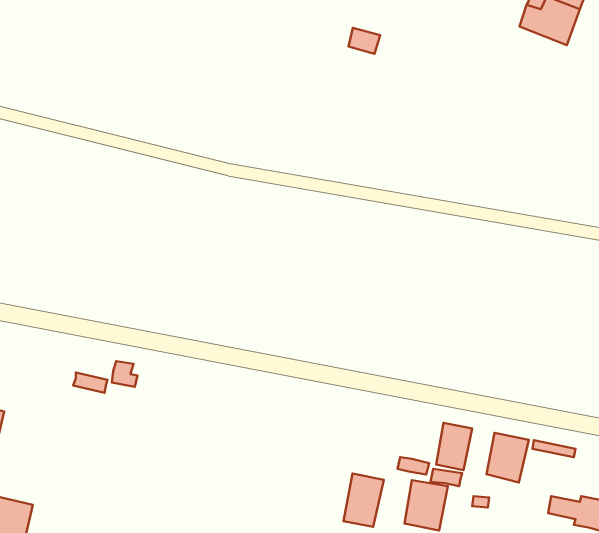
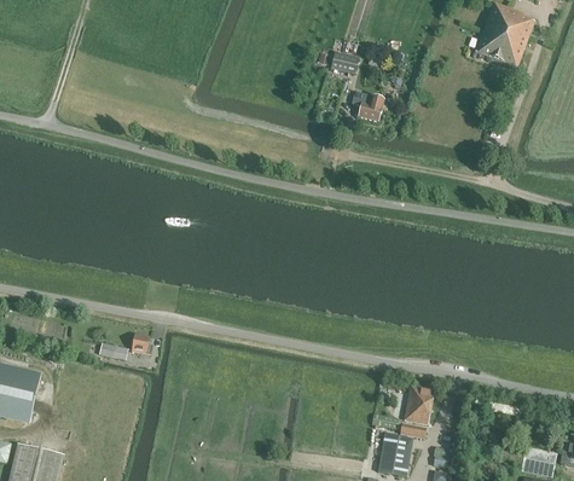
building: none -> [348,89,382,120]
building: [486,433,529,482] -> none
building: [343,474,384,527] -> none

